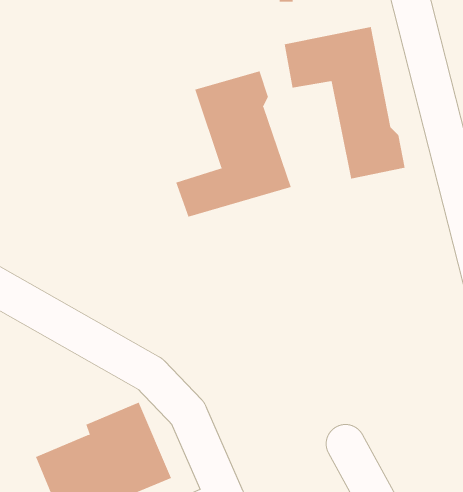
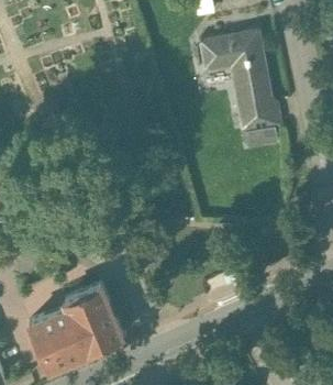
building: [176,70,292,217] -> none

